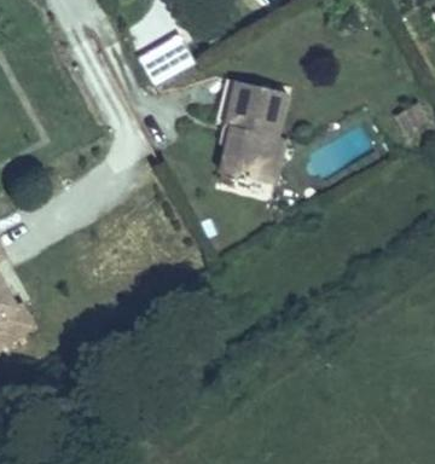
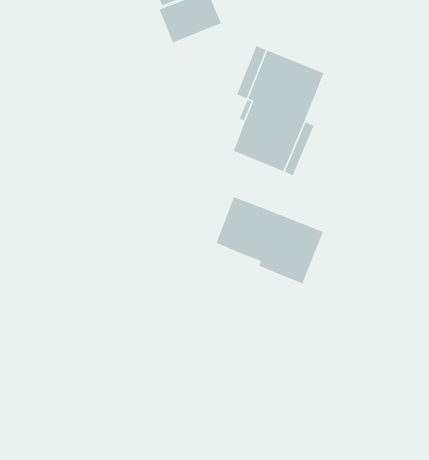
building: none -> [215,196,324,285]

